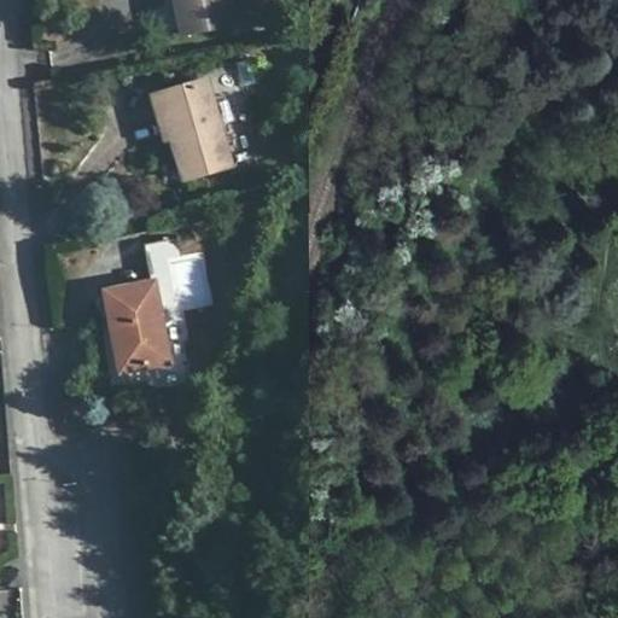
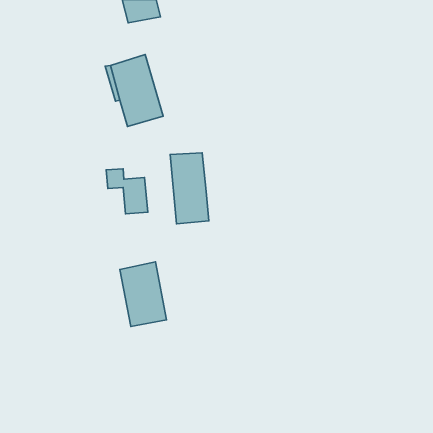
building: none -> [170,153,209,224]
building: [103,281,169,373] -> [120,262,167,326]

